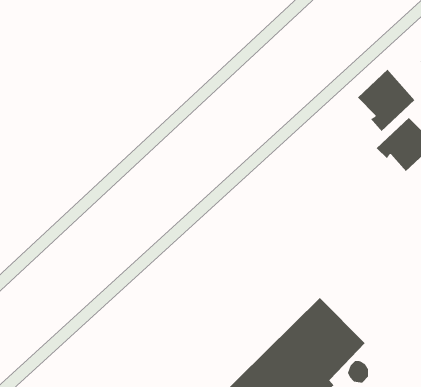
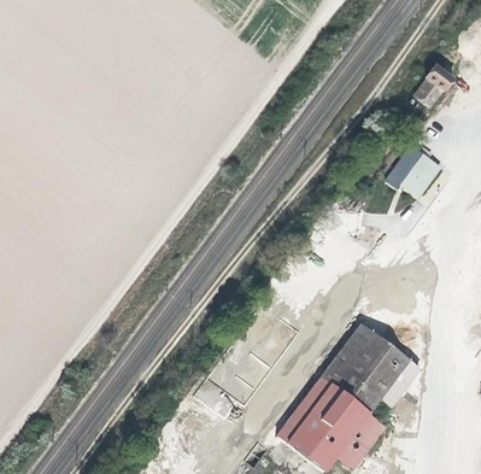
building: [357,69,415,132] -> none

